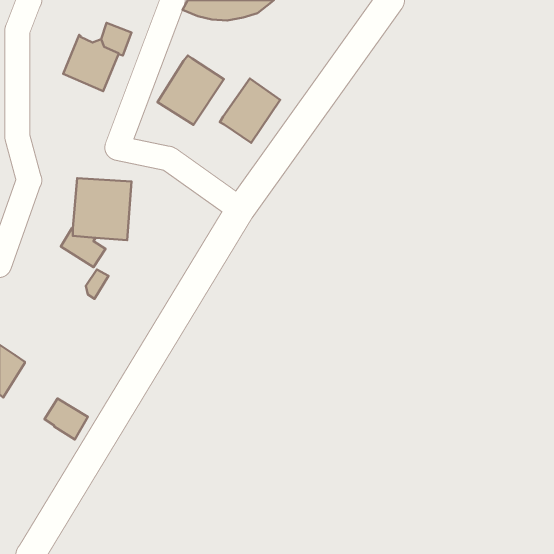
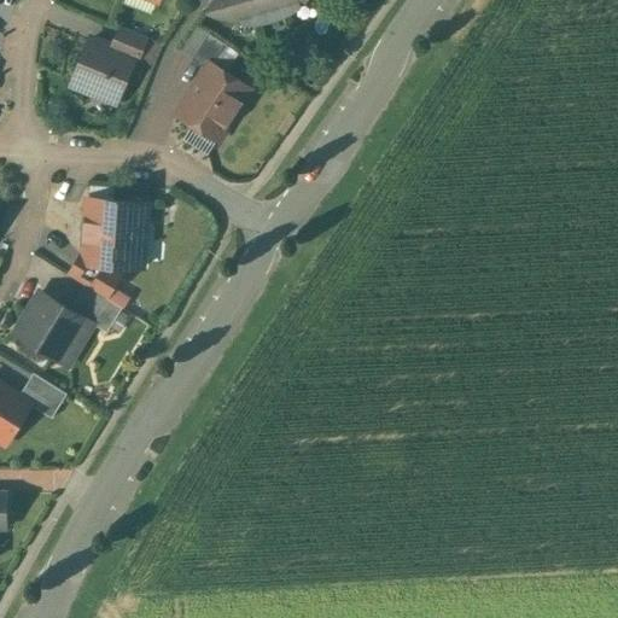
building: none -> [190,33,227,69]
building: [220,78,280,143] -> none
building: none -> [14,292,84,356]
building: [44,398,88,440] -> [17,373,65,419]

